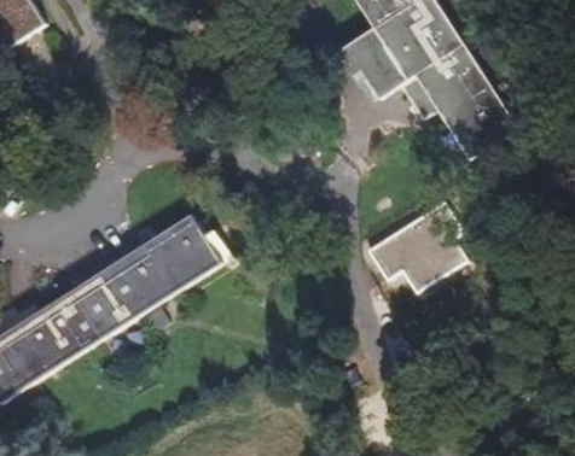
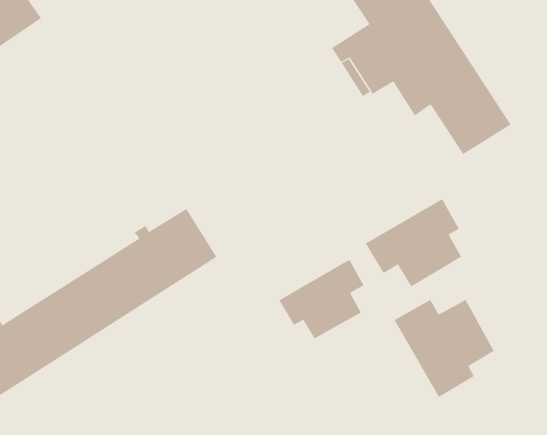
building: none -> [279,259,364,339]
building: none -> [394,299,495,398]

